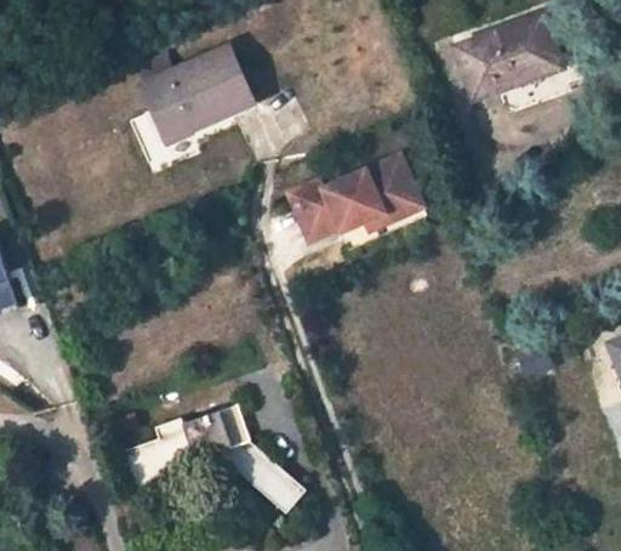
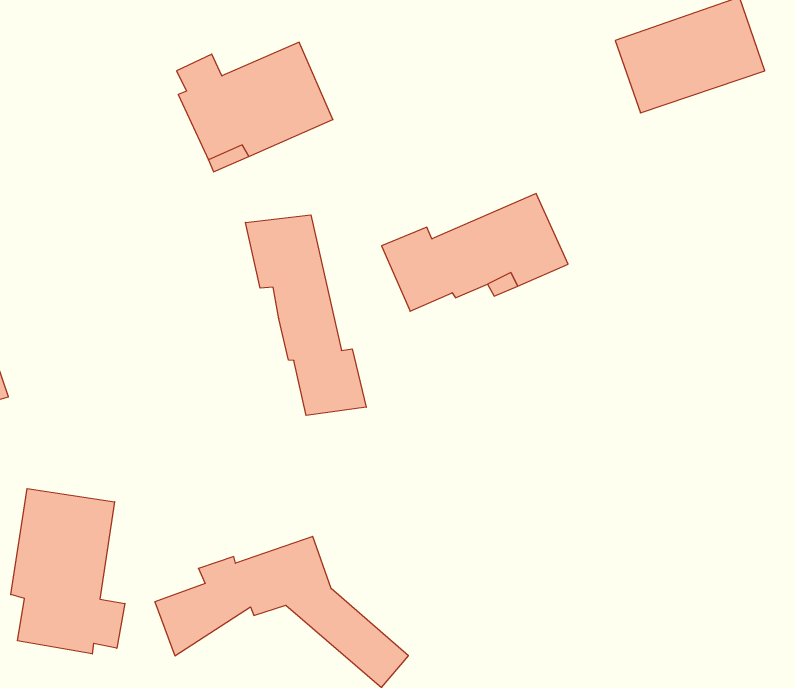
building: none -> [245,215,366,415]
building: none -> [11,489,125,654]

